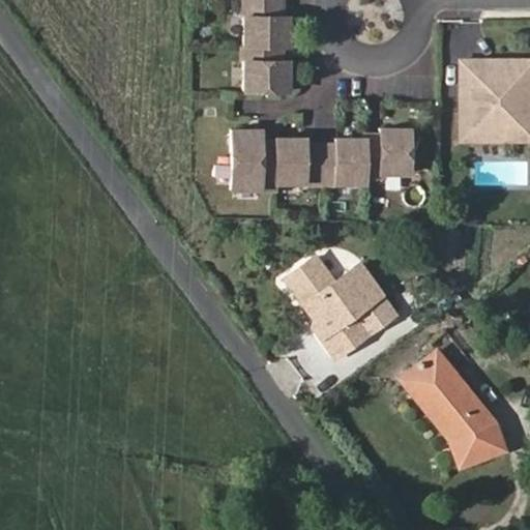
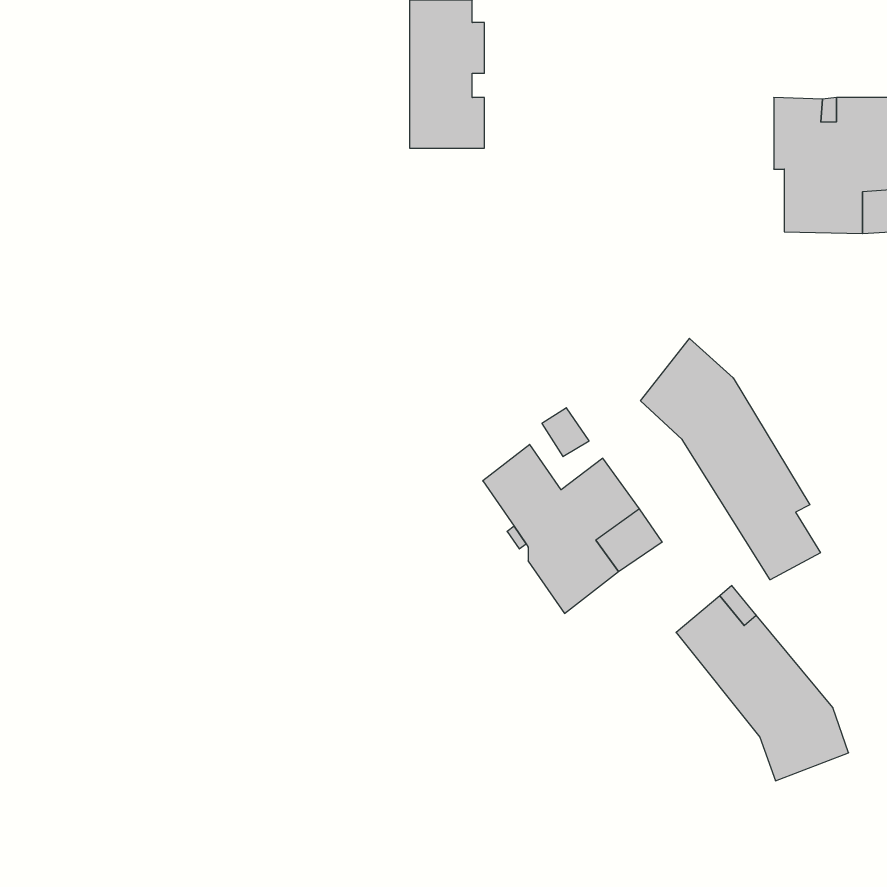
building: [234,127,411,188] -> none
building: none -> [641,338,820,580]

